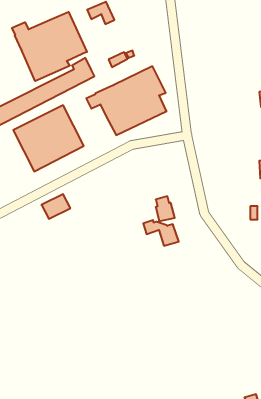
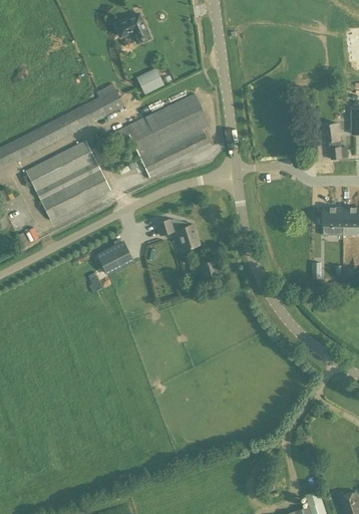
building: [12,12,87,81] -> none
building: [41,194,70,219] -> [97,242,132,272]
building: [143,220,179,246] -> [156,218,200,249]

